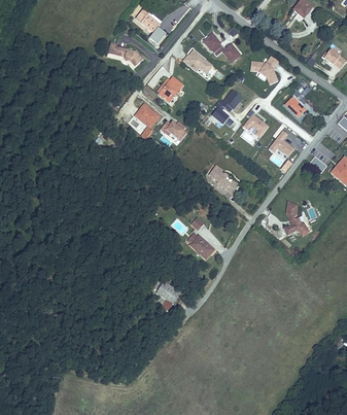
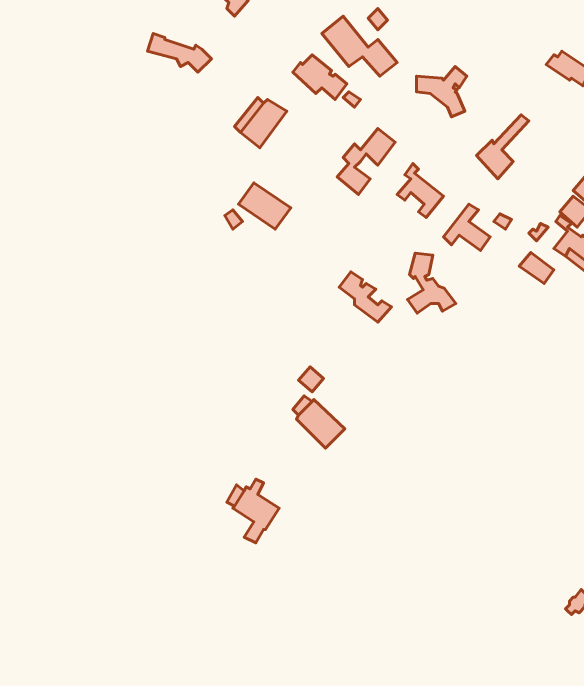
building: [134,104,160,140] -> none
building: [283,203,309,235] -> [408,253,456,313]

